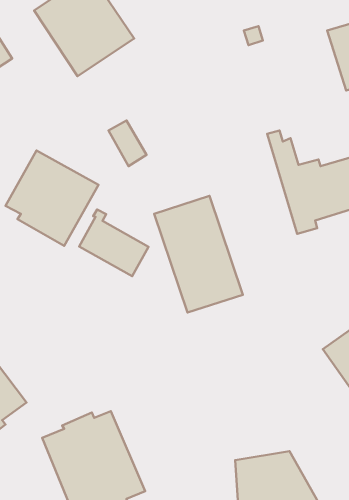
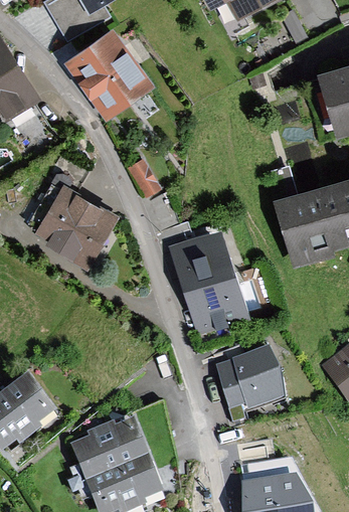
building: [79,209,149,276] -> none
building: none -> [216,347,285,409]

